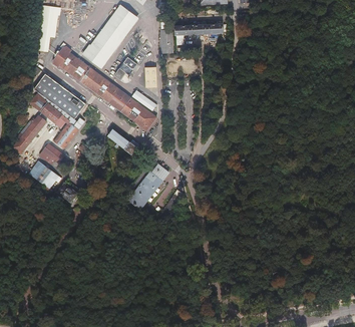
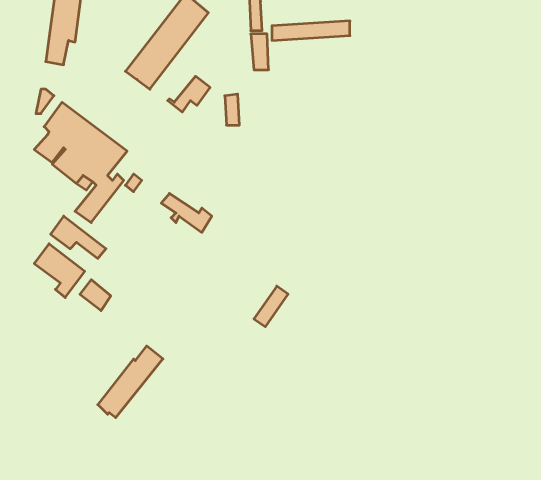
building: [51,45,155,130] -> none
building: [11,115,45,154] -> none
building: [127,165,167,209] -> [98,346,163,418]

